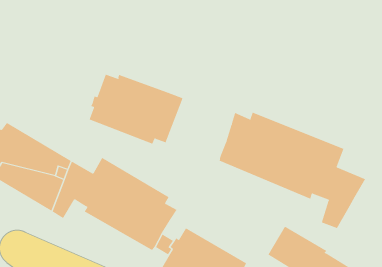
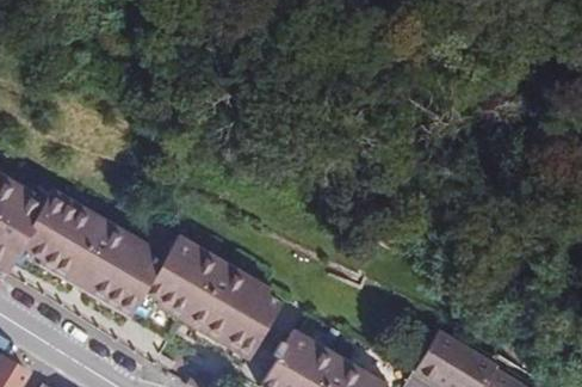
building: [89,74,183,144] -> none
building: [219,112,366,229] -> none

